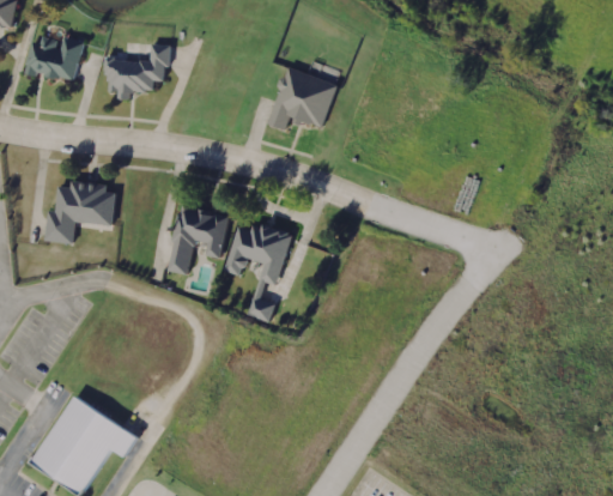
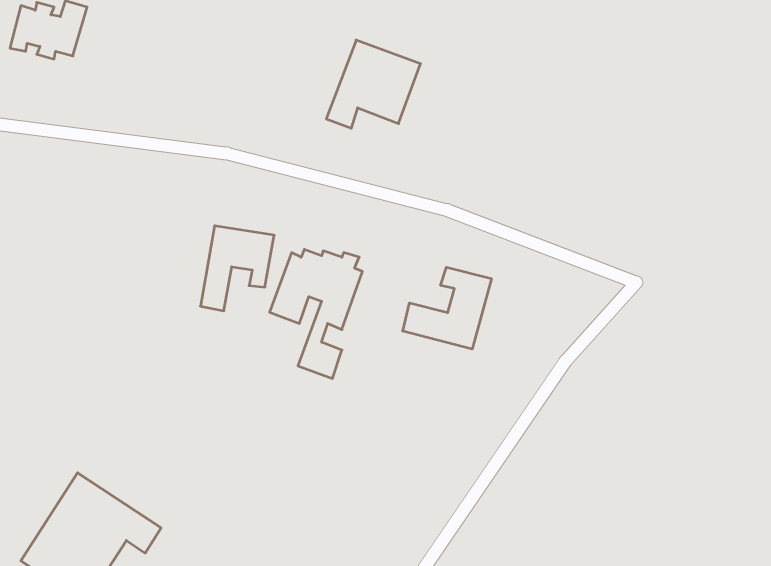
building: [104,43,170,98] -> none
building: [48,181,116,244] -> none
building: none -> [403,267,491,349]

